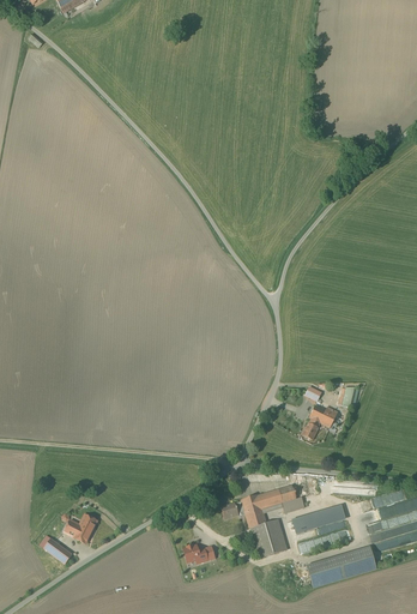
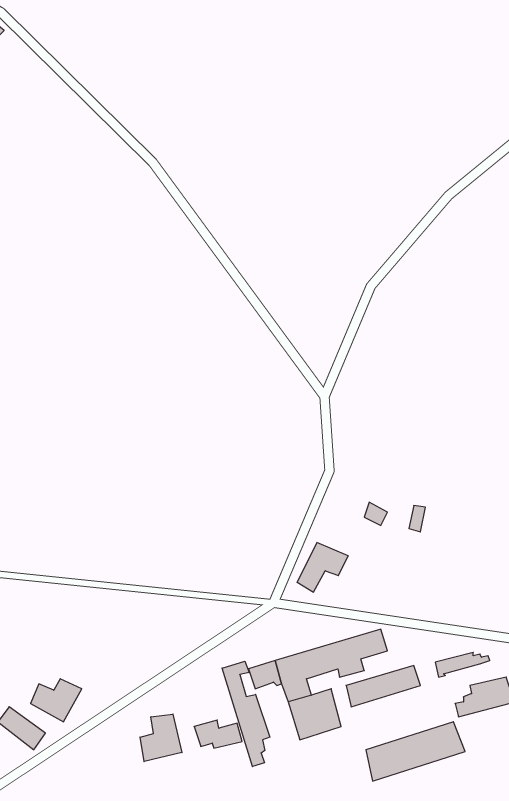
building: [302,404,339,440] -> [297,543,348,592]
building: none -> [222,661,270,767]
building: none -> [140,714,182,762]

